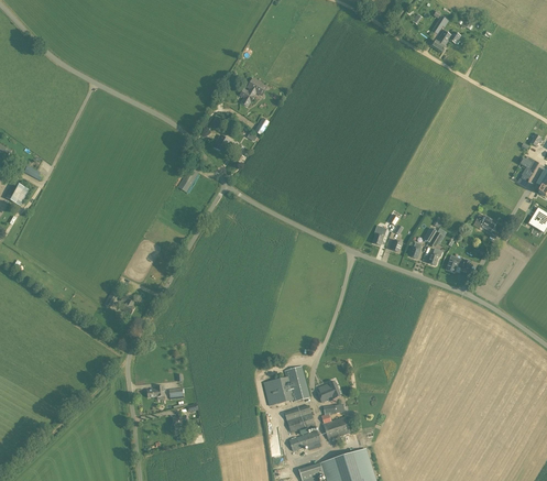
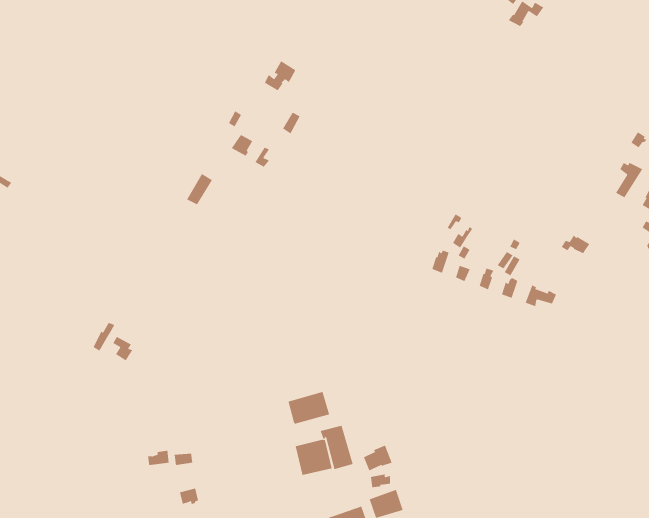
building: none -> [288,391,330,425]
building: [283,405,315,433] -> none

